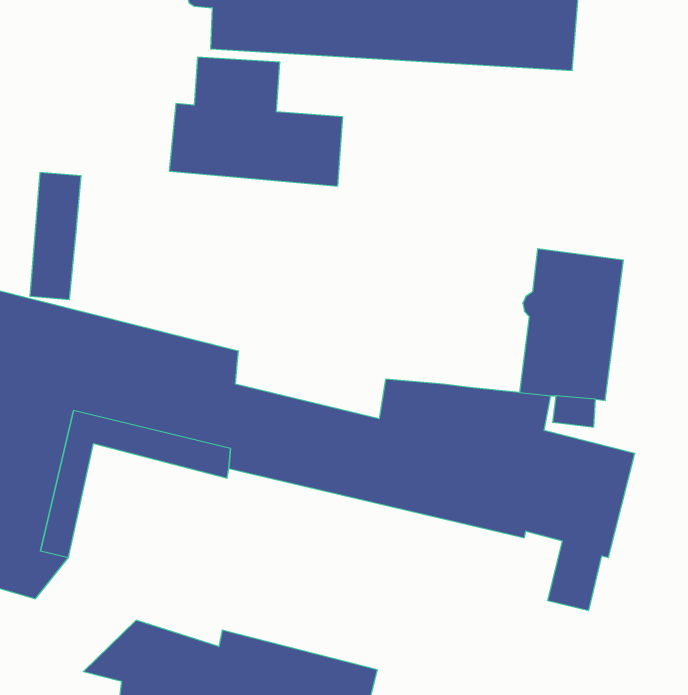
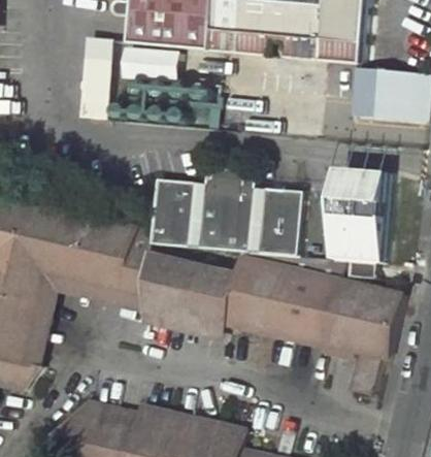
building: none -> [352,66,425,119]
building: [30,172,81,300] -> [81,39,113,119]
building: none -> [148,166,301,254]

